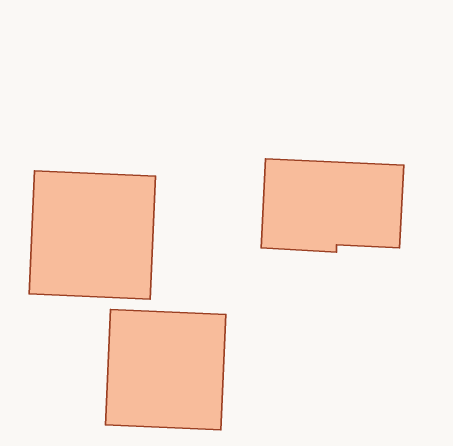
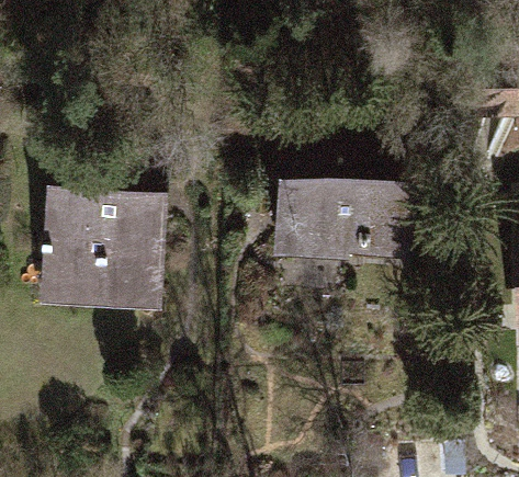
building: [106,309,226,430] -> none

